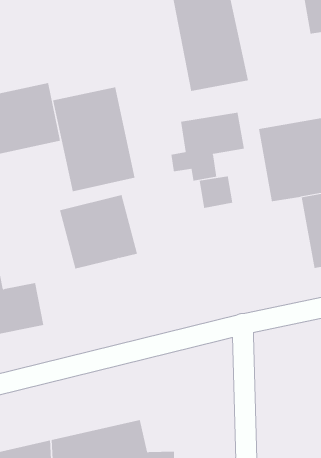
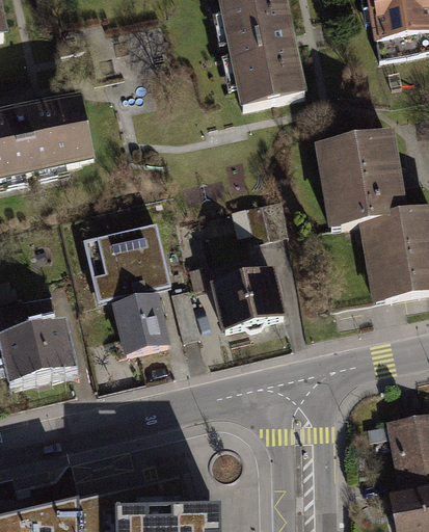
building: [53,86,135,192] -> none
building: [171,112,244,182] -> none
building: none -> [208,265,288,331]
building: none -> [112,292,171,356]

